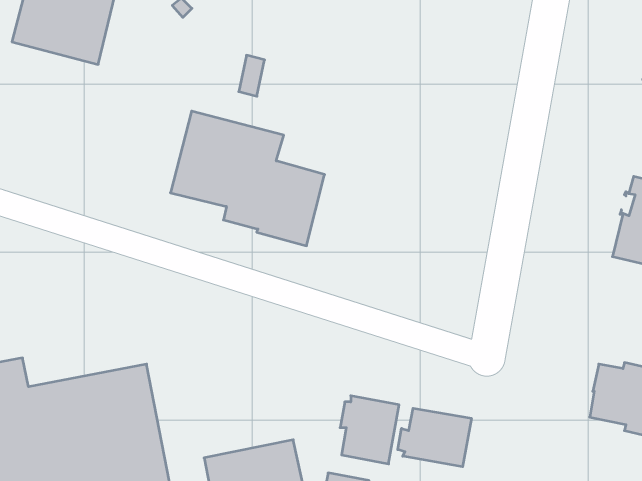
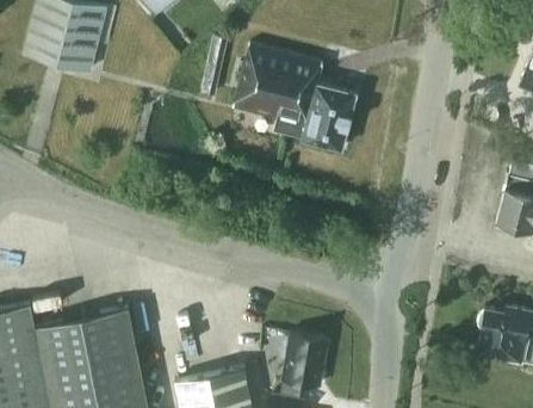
building: [170,111,325,246] -> [233,43,354,149]
building: [398,408,471,467] -> none

